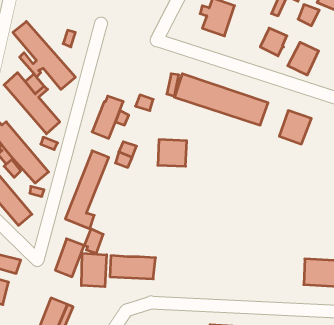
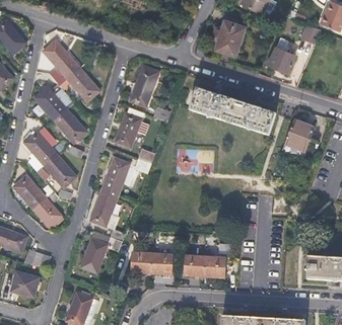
building: [288,42,319,75] -> none
building: none -> [131,66,158,106]
building: [81,253,107,287] -> none
building: none -> [184,255,225,277]

